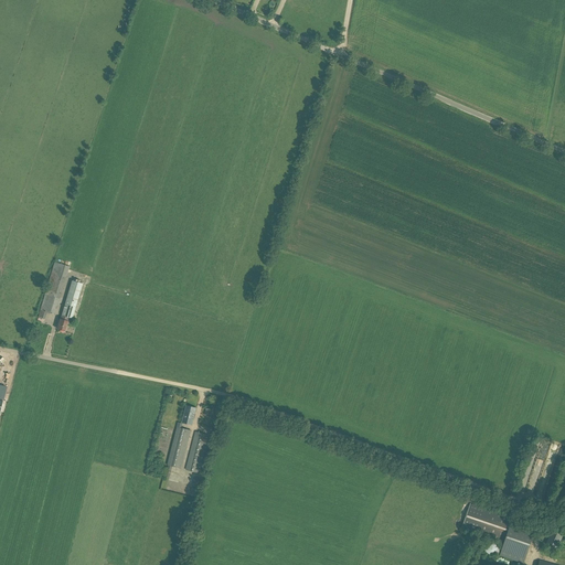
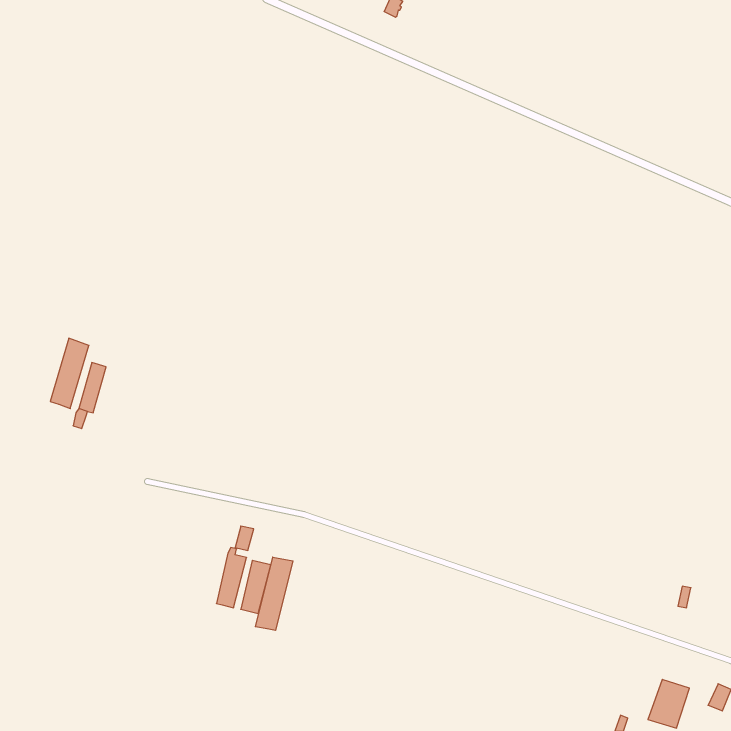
building: none -> [255,557,293,630]
building: [461,502,512,542] -> none

